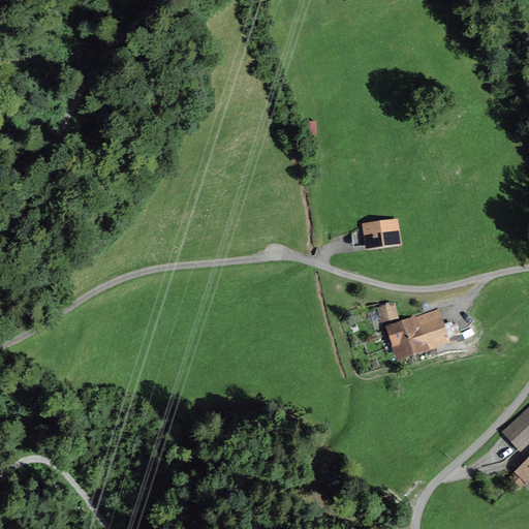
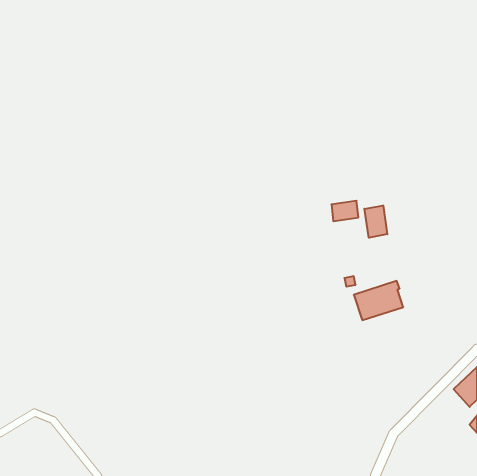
building: none -> [364,205,387,238]

